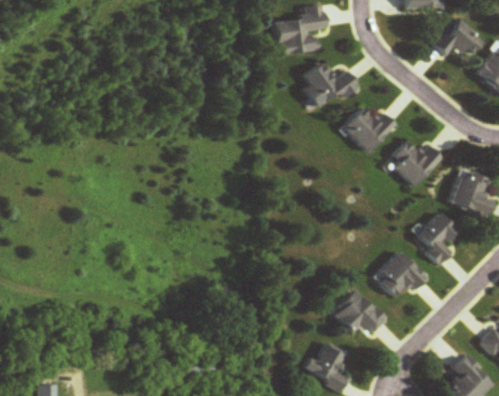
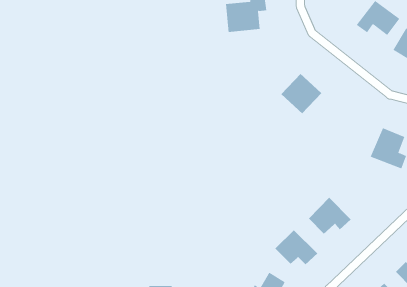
building: [303,63,357,107] -> none
building: [387,141,441,186] -> none
building: [415,213,457,263] -> none

